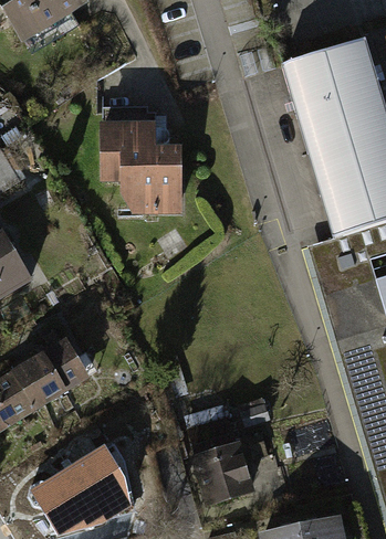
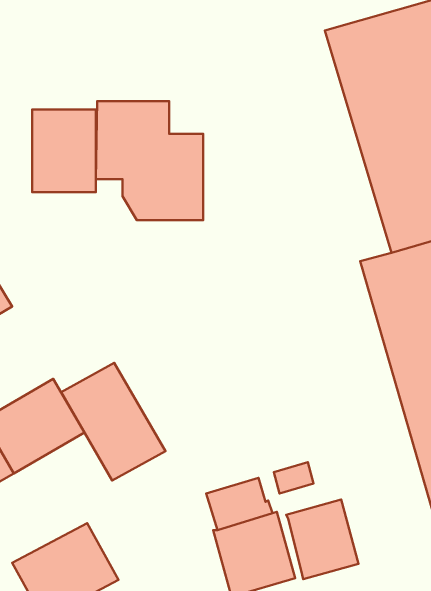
building: none -> [32,109,96,192]
building: none -> [61,363,165,481]
building: none -> [286,500,358,579]

